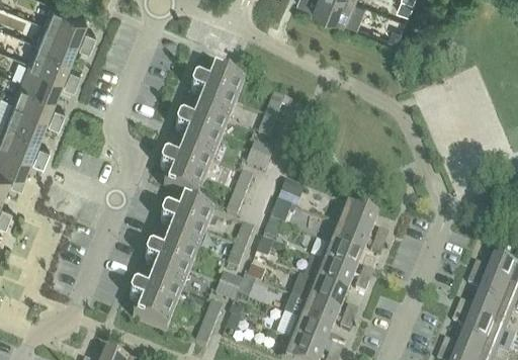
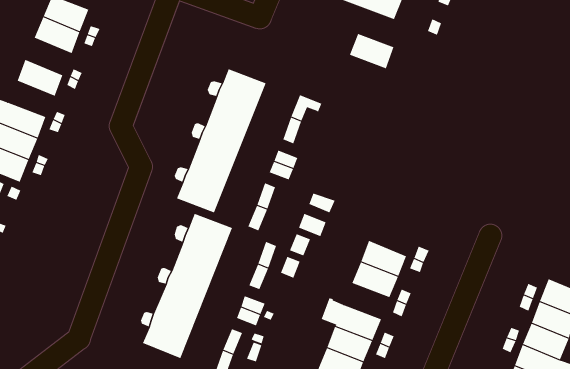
building: none -> [349,33,394,69]
building: [26,42,69,76] -> none
building: [11,81,54,113] -> none
building: [334,203,376,238] -> none
building: [312,262,353,294] -> none

